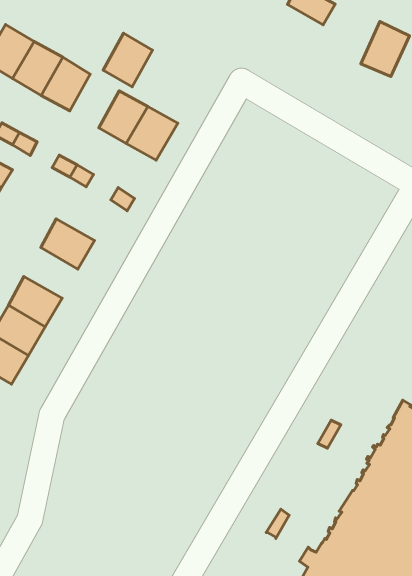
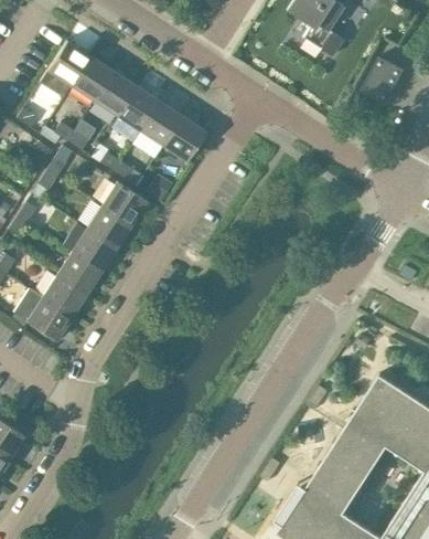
building: [103,33,152,87] -> [117,86,159,131]
building: none -> [100,182,147,225]
building: none -> [71,229,116,272]

